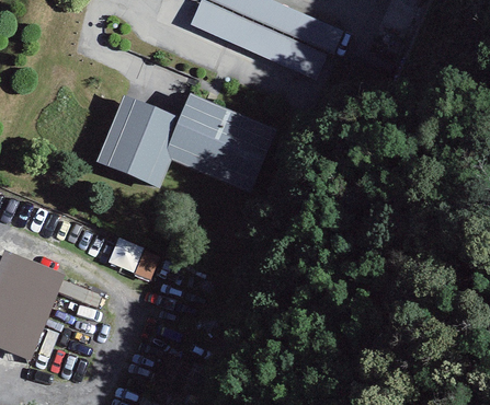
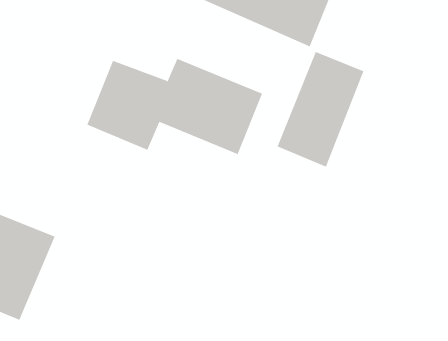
building: none -> [277,51,364,167]

